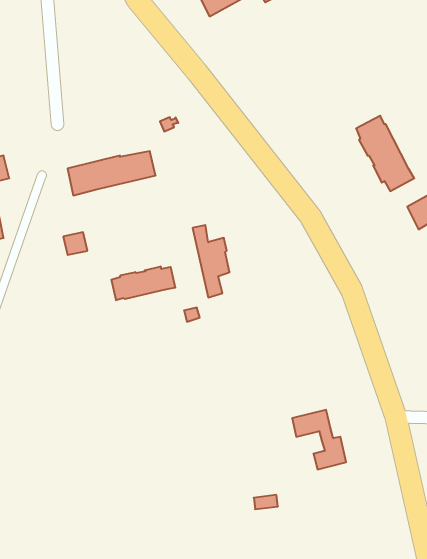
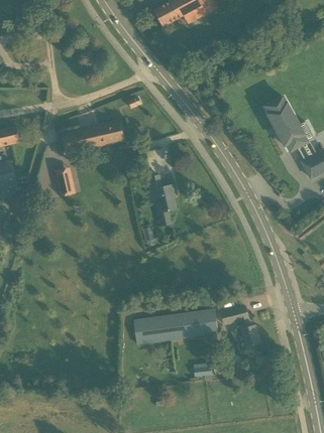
building: [111,266,175,300] -> none
building: none -> [133,309,216,344]

